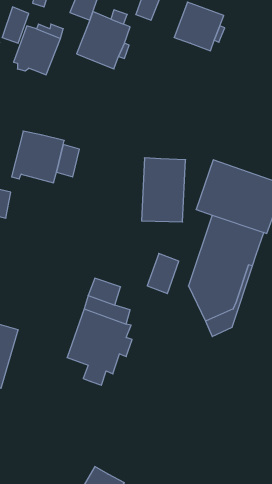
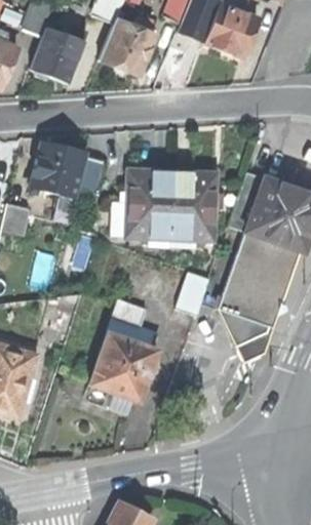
building: none -> [125,169,172,238]

